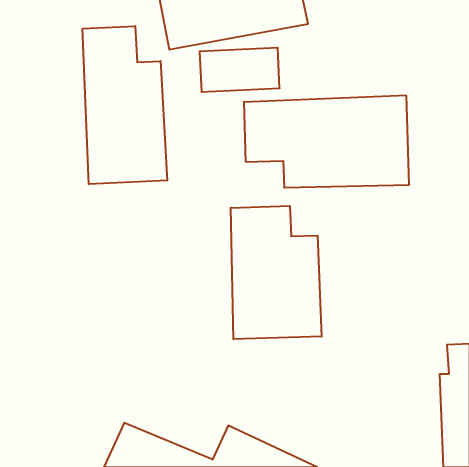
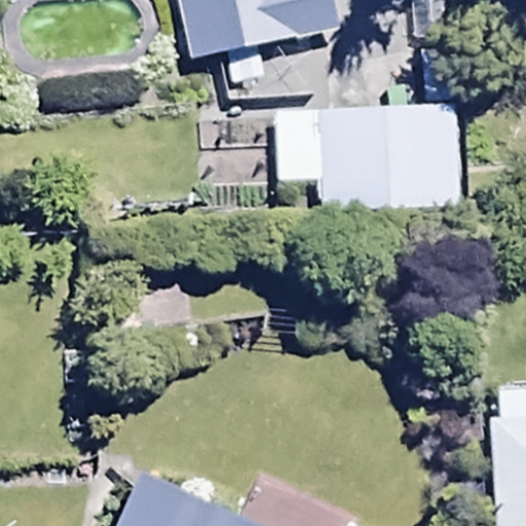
building: [83,26,167,184] -> none
building: [231,206,322,339] -> none

